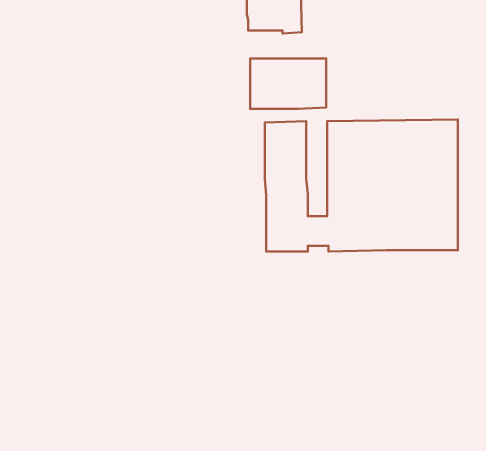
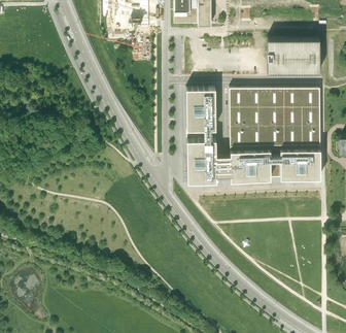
building: [250,59,326,109] -> [266,37,318,72]

